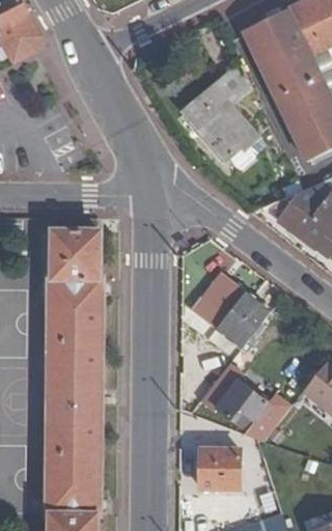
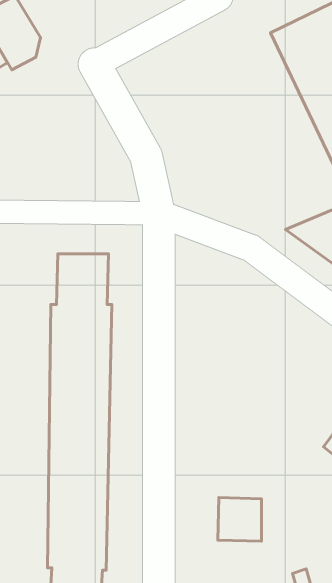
building: [182,62,255,159] -> none
building: [201,275,271,350] -> none
building: [201,369,284,444] -> none

